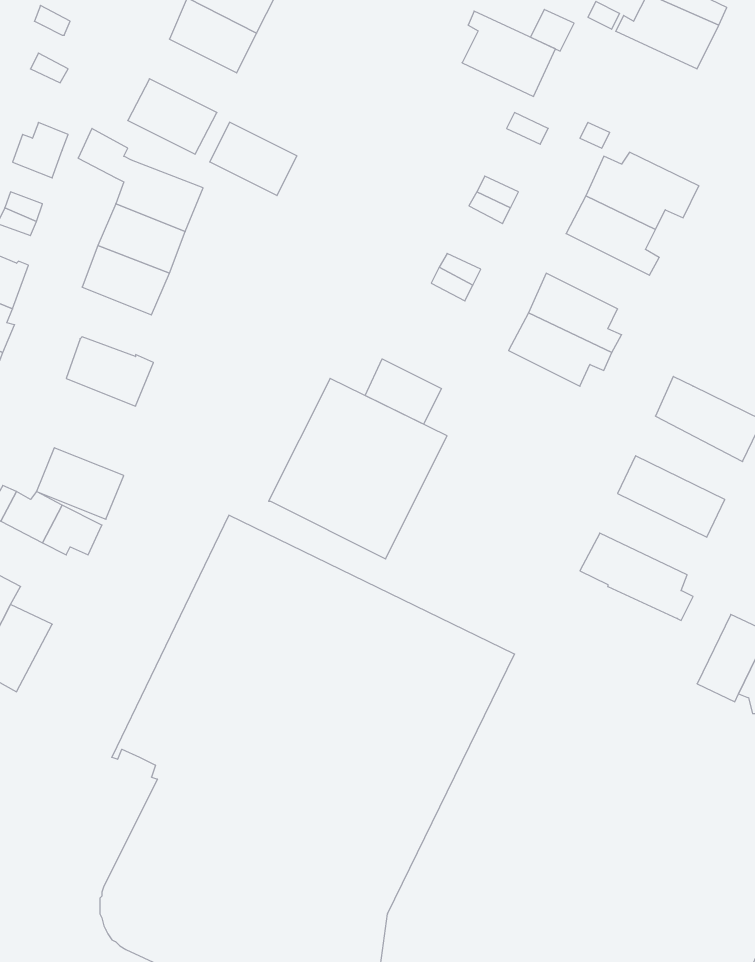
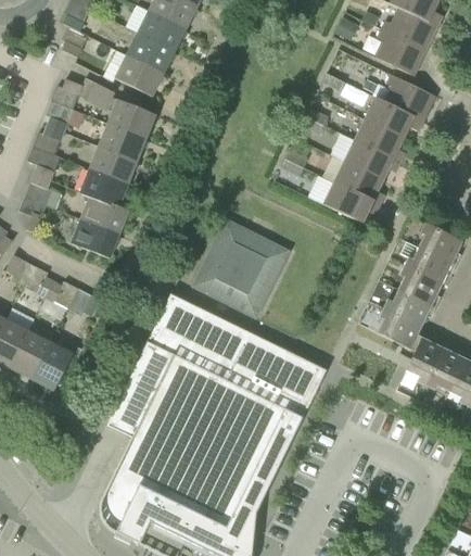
building: [462,11,555,96] -> [375,28,427,75]
building: none -> [386,74,436,113]
building: [210,122,297,196] -> [127,33,175,73]
building: none -> [344,139,400,180]
building: none -> [80,168,128,206]
building: [365,359,441,424] -> none
building: none -> [393,239,451,285]
building: [36,448,124,519] -> [72,218,119,257]
building: none -> [373,281,432,326]
building: none -> [404,338,445,386]

